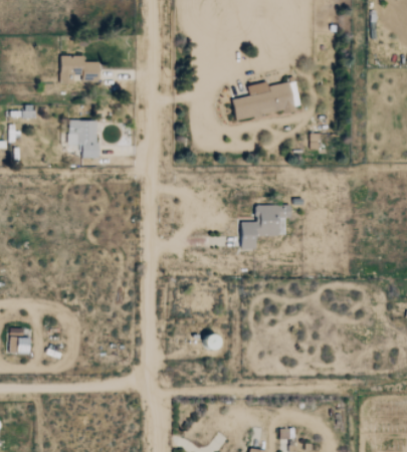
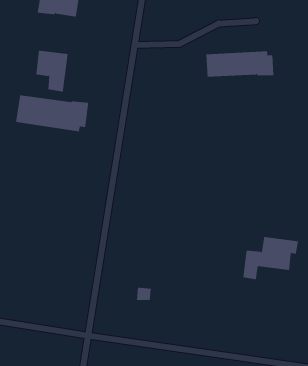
building: none -> [16,94,89,132]
building: [240,205,290,249] -> [242,237,299,280]

